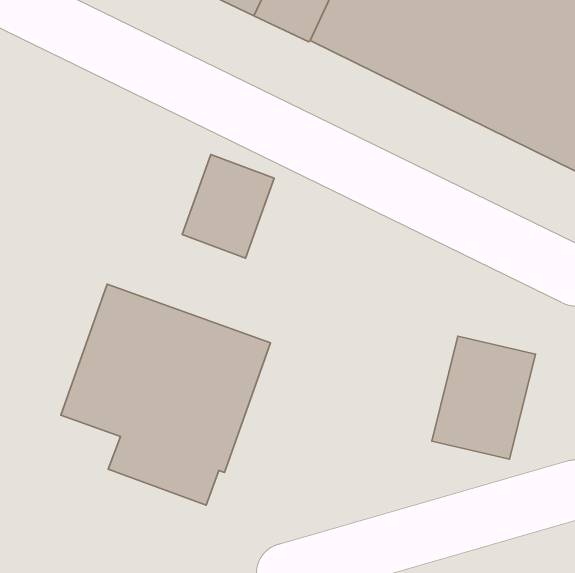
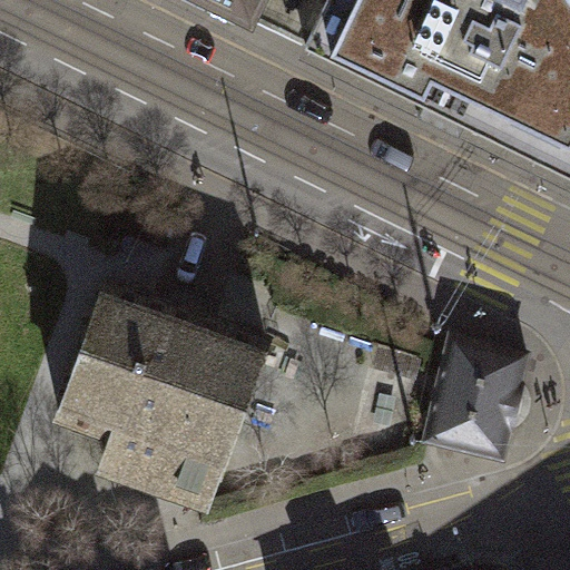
building: [182,154,274,258] -> none

